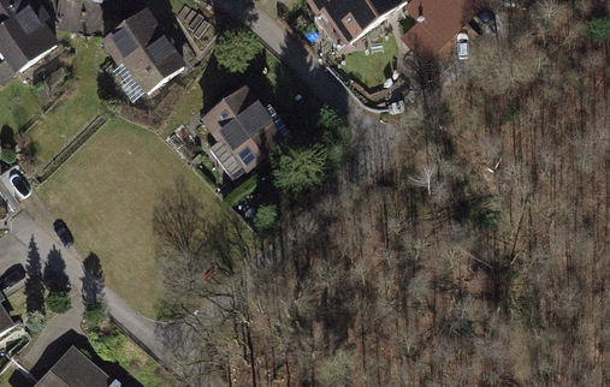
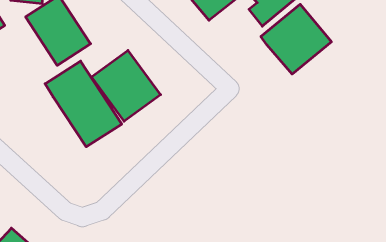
building: none -> [261,4,331,74]
building: none -> [45,61,122,147]

